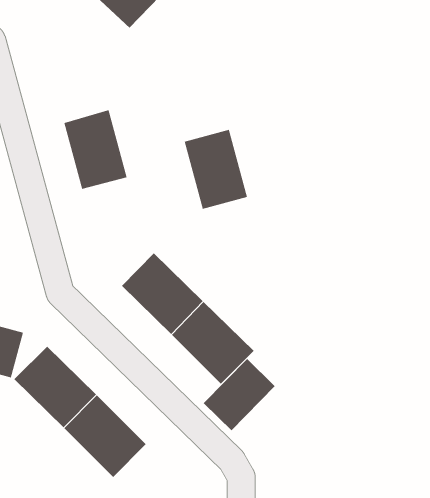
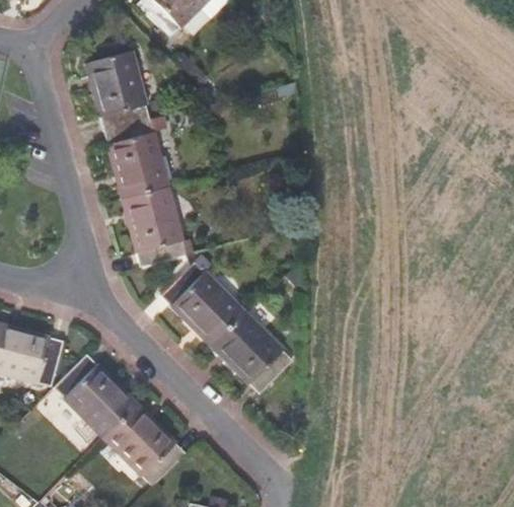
building: none -> [86,50,150,131]
building: [184,129,248,209] -> [123,186,187,266]
building: [203,358,276,431] -> none

